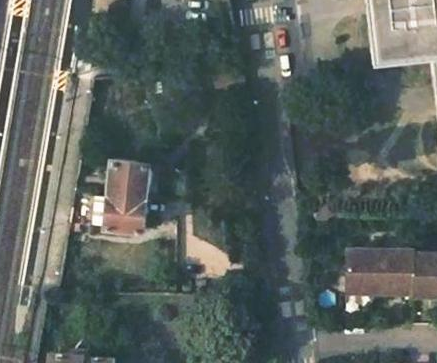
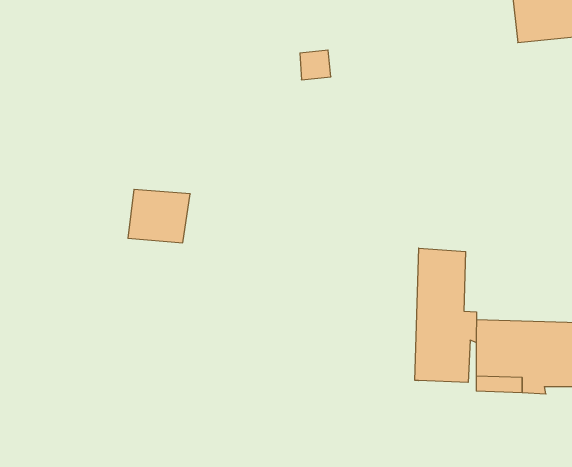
building: [108,194,149,234] -> none
building: none -> [415,248,476,382]

